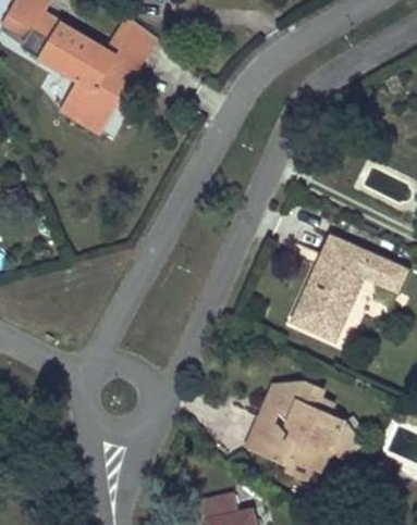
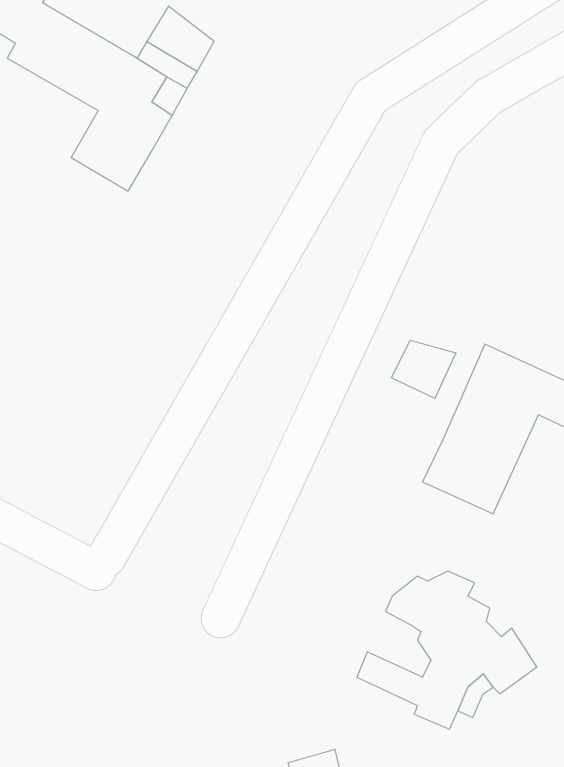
building: none -> [392,340,456,399]
building: [253,405,294,448] -> none

